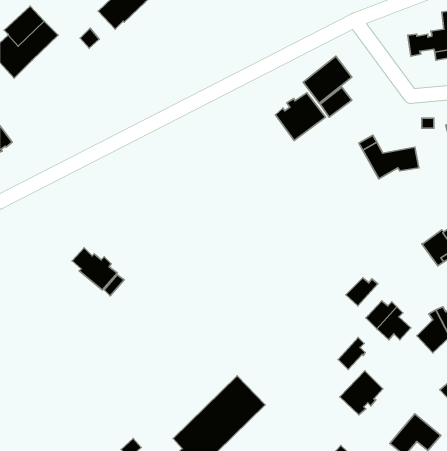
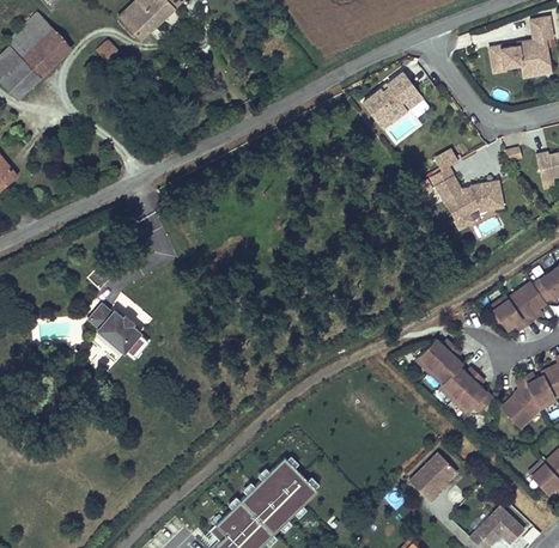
building: [276,93,326,140] -> none
building: none -> [490,296,525,330]
building: [338,338,365,369] -> [430,346,462,384]

